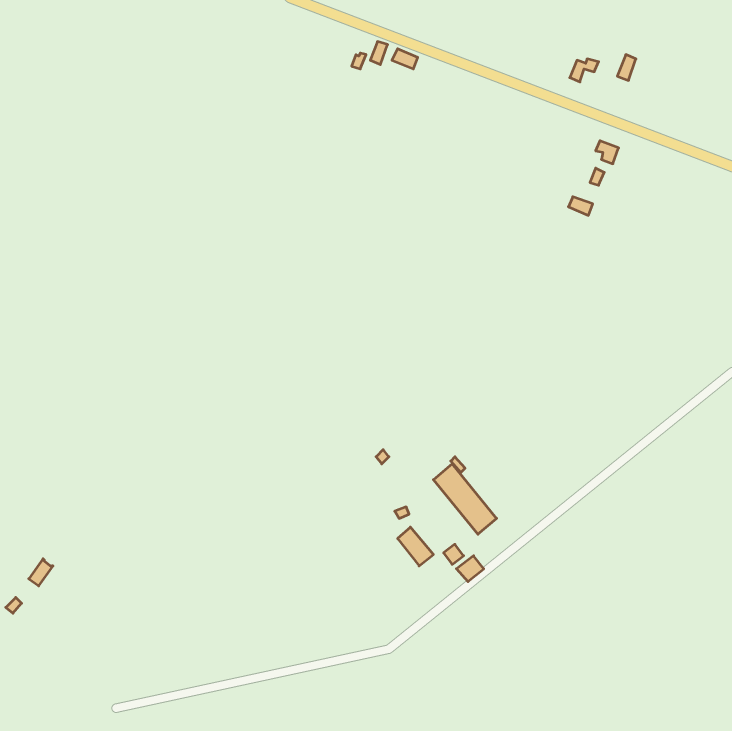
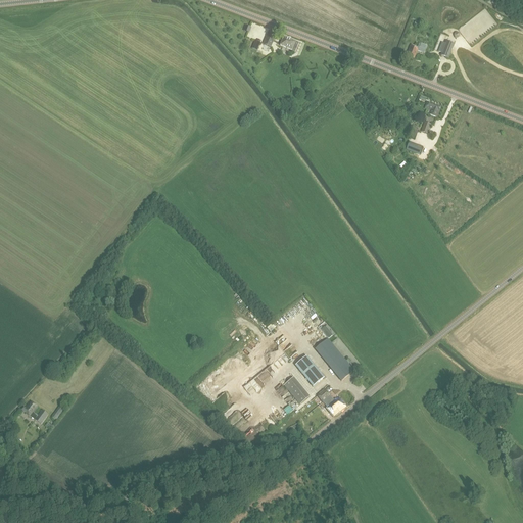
building: none -> [294,354,323,385]

